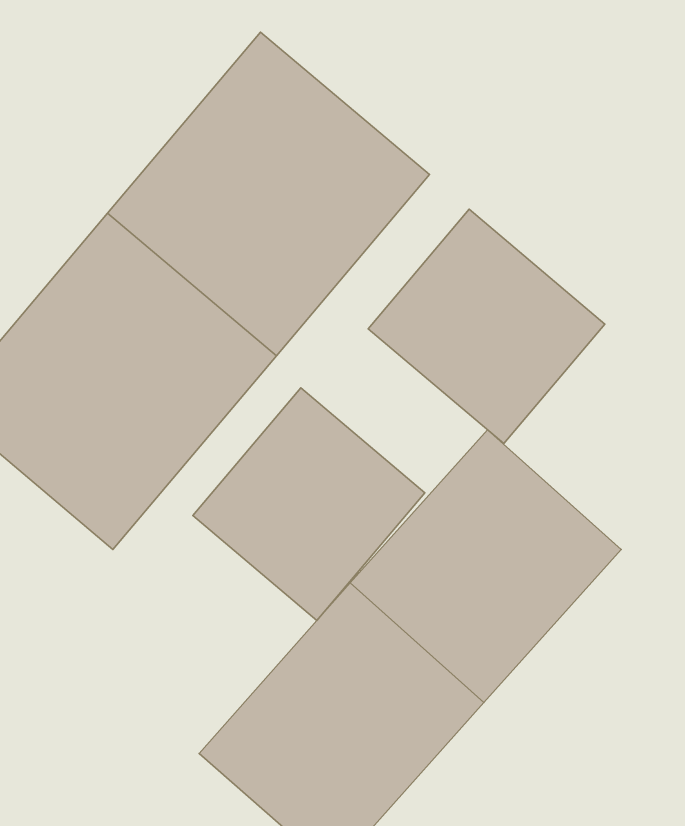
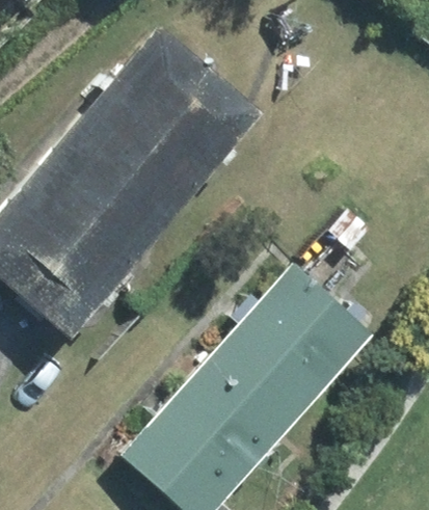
building: [368,209,605,444] -> none
building: [193,388,425,620] -> none

